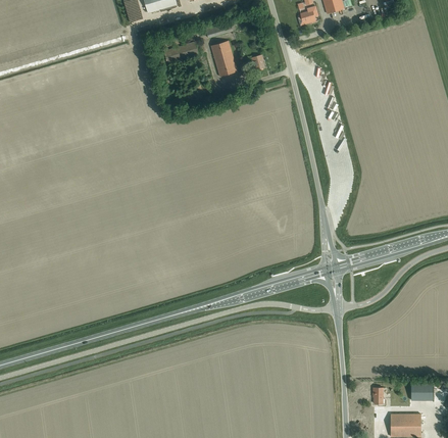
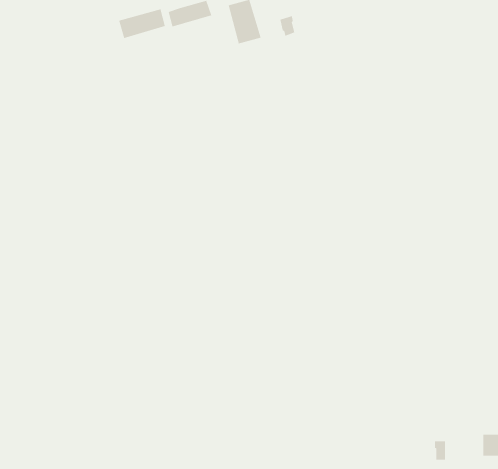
building: none -> [118,8,166,39]

